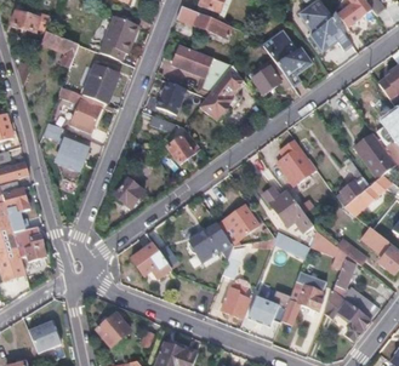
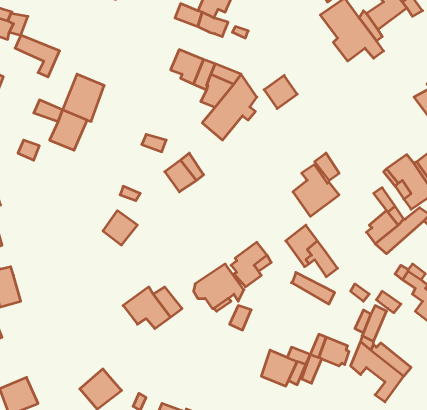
building: [97,16,135,61] -> none
building: [261,28,312,87] -> none
building: [155,80,187,115] -> none
building: [55,138,89,182] -> none
building: [221,284,249,319] -> none

